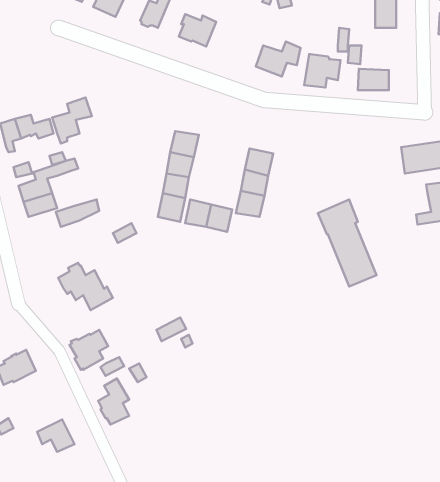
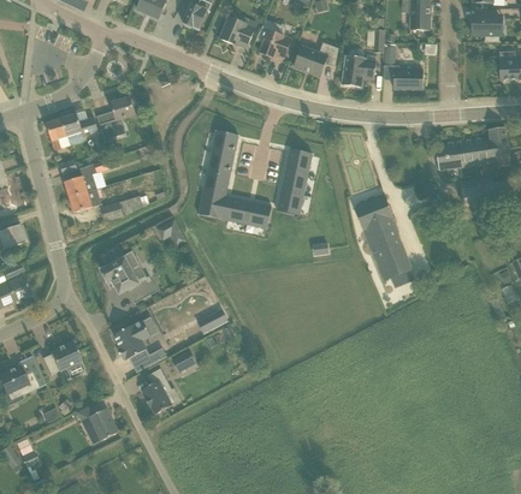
building: none -> [255,18,290,58]

